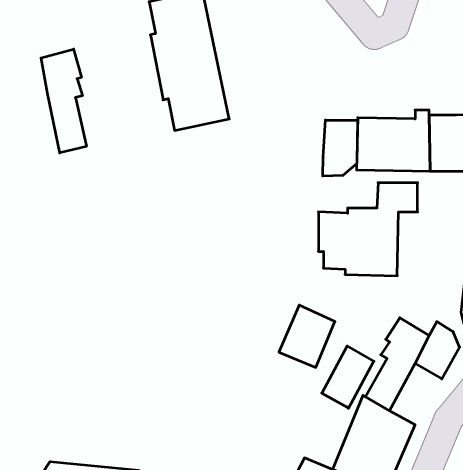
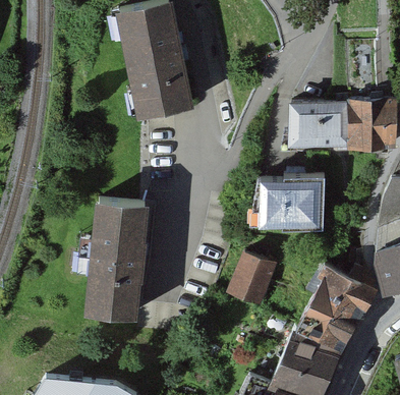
building: [41,49,86,153] -> none
building: [323,120,357,176] -> none
building: none -> [89,199,145,315]
building: [322,346,374,408] -> [318,298,359,348]

